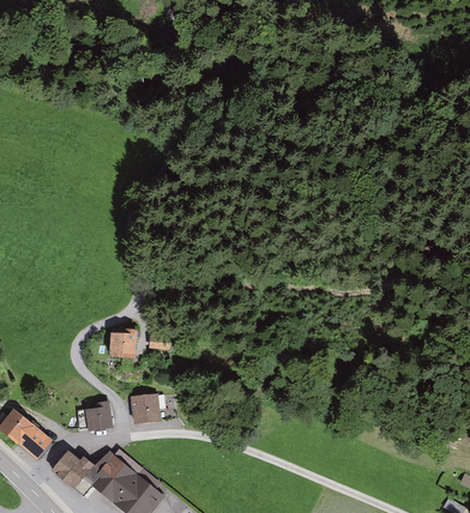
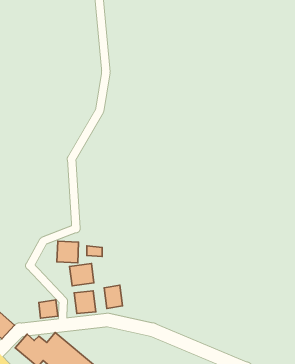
building: none -> [70,264,94,286]
building: none -> [104,285,122,308]

